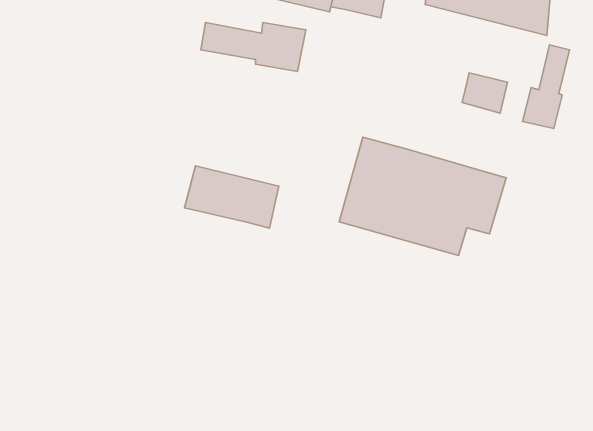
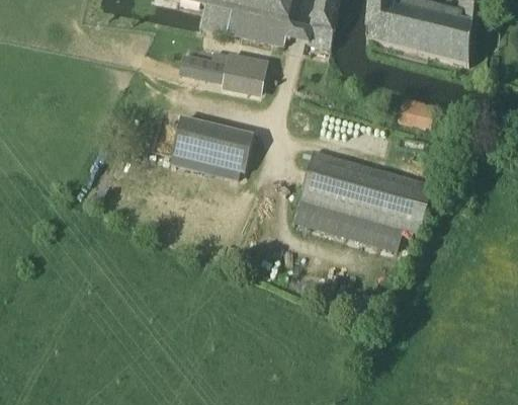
building: [523,45,570,128] -> none
building: [185,166,279,228] -> [171,117,251,170]

